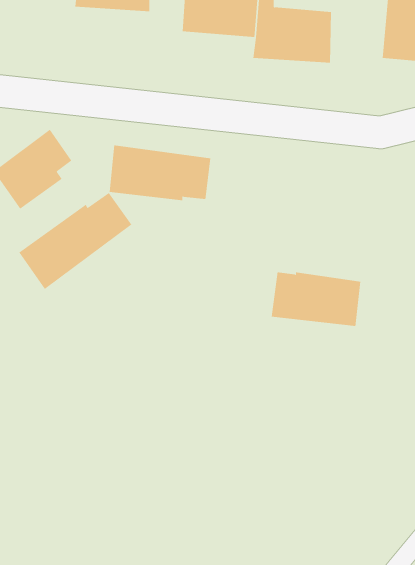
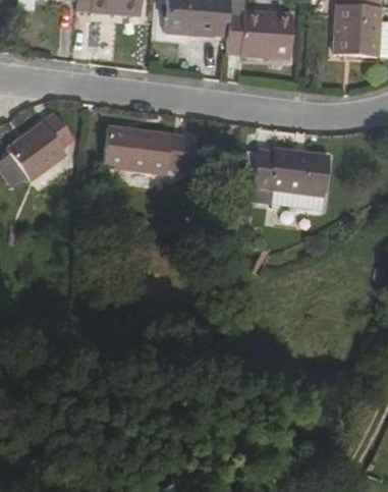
building: [19,192,132,290] -> none
building: [271,272,361,327] -> [254,150,329,196]

